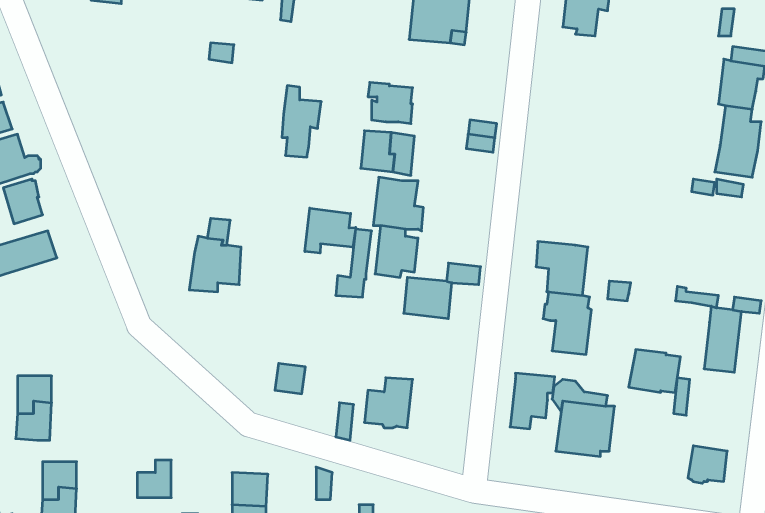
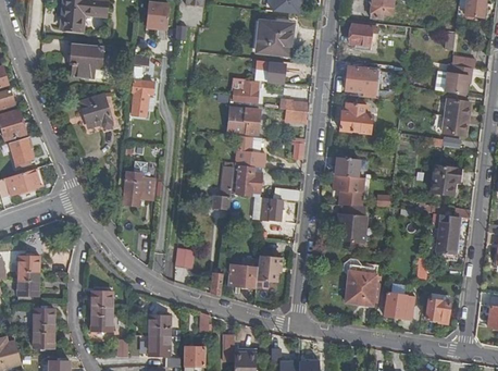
building: none -> [70,45,102,76]
building: none -> [253,62,284,83]
building: none -> [345,66,376,98]
building: [282,86,321,157] -> [129,72,153,115]
building: none -> [79,94,111,127]
building: none -> [339,102,372,133]
building: [305,208,356,253] -> none
building: none -> [331,156,359,176]
building: none -> [431,164,459,194]
building: [629,350,680,392] -> [383,292,414,318]
building: [510,373,555,429] -> [254,255,282,288]
building: none -> [90,290,112,314]

